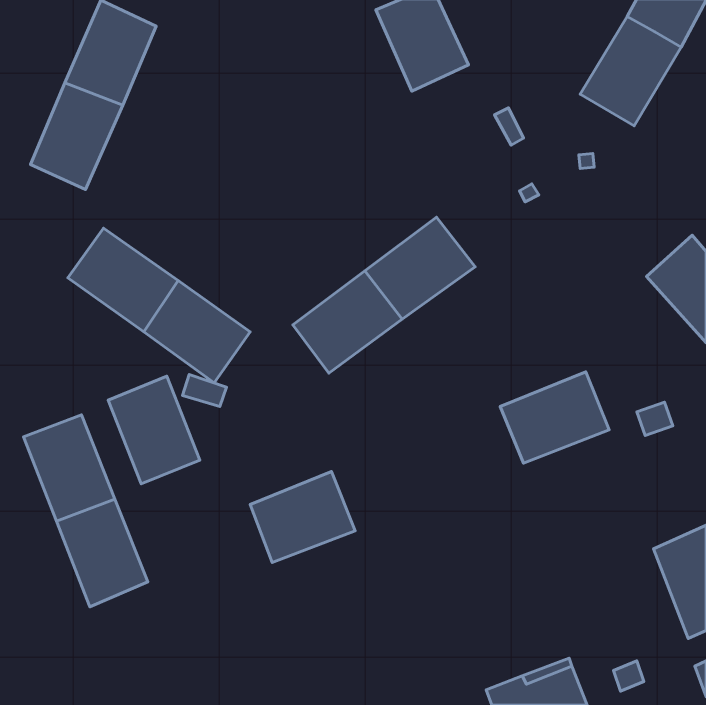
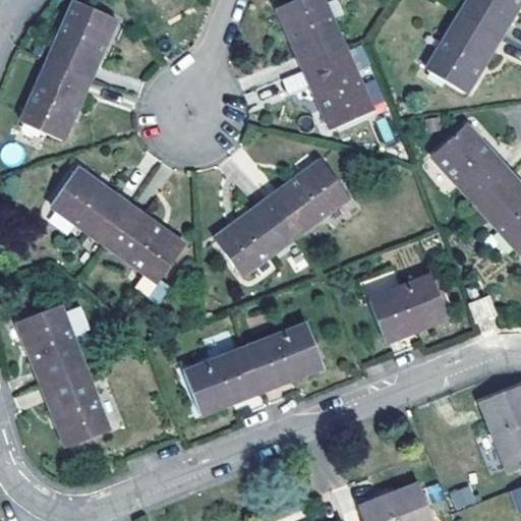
building: none -> [303,48,373,129]
building: none -> [430,123,510,204]
building: [108,376,200,484] -> none
building: none -> [244,323,325,391]

